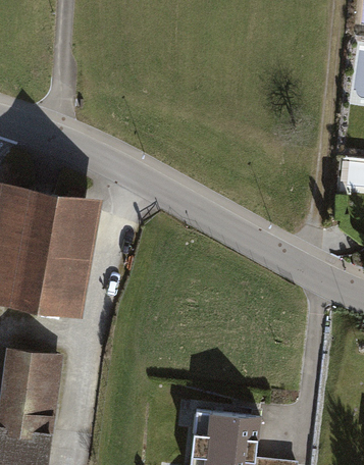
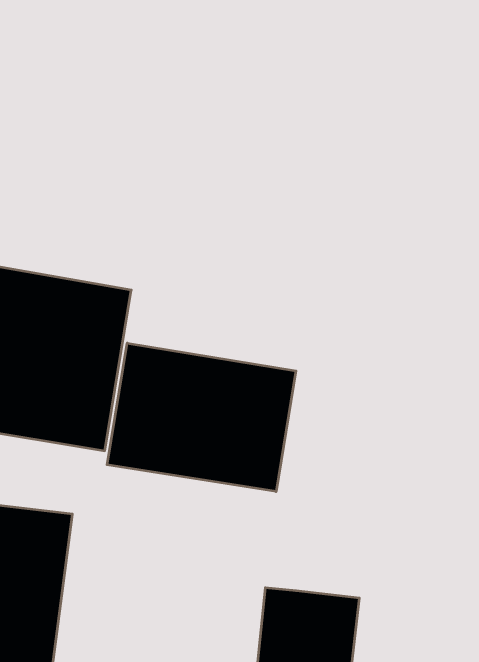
building: none -> [107,343,296,492]

